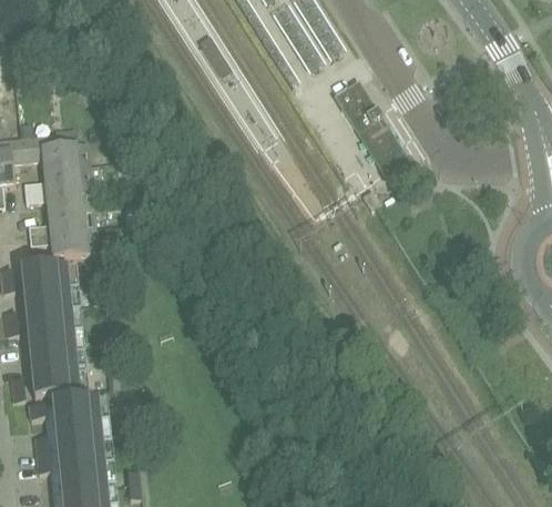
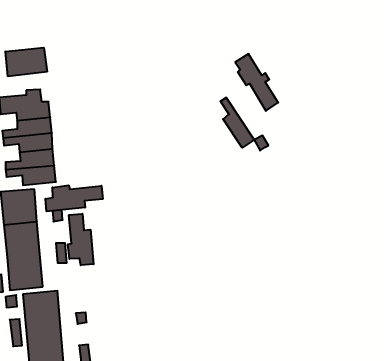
building: none -> [5,48,47,76]
building: none -> [220,97,254,148]
building: none -> [45,185,103,211]
building: none -> [68,214,94,265]

